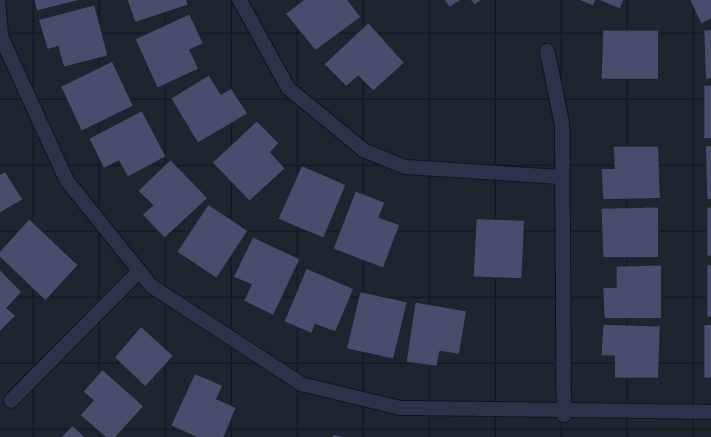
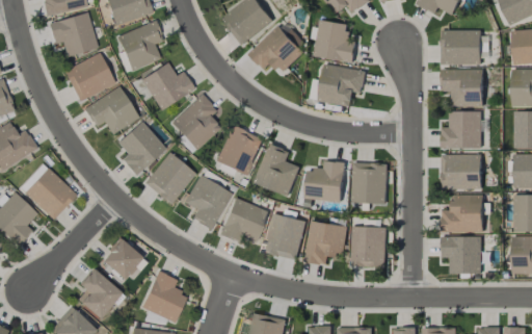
building: none -> [314,20,355,63]
building: none -> [318,65,366,107]
building: none -> [442,69,483,107]
building: none -> [304,160,345,202]
building: none -> [350,226,387,267]

